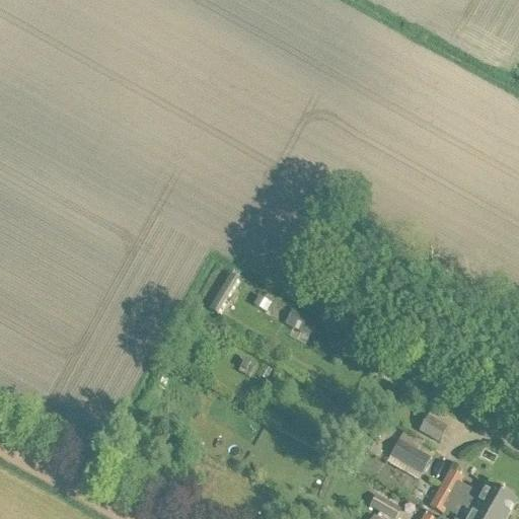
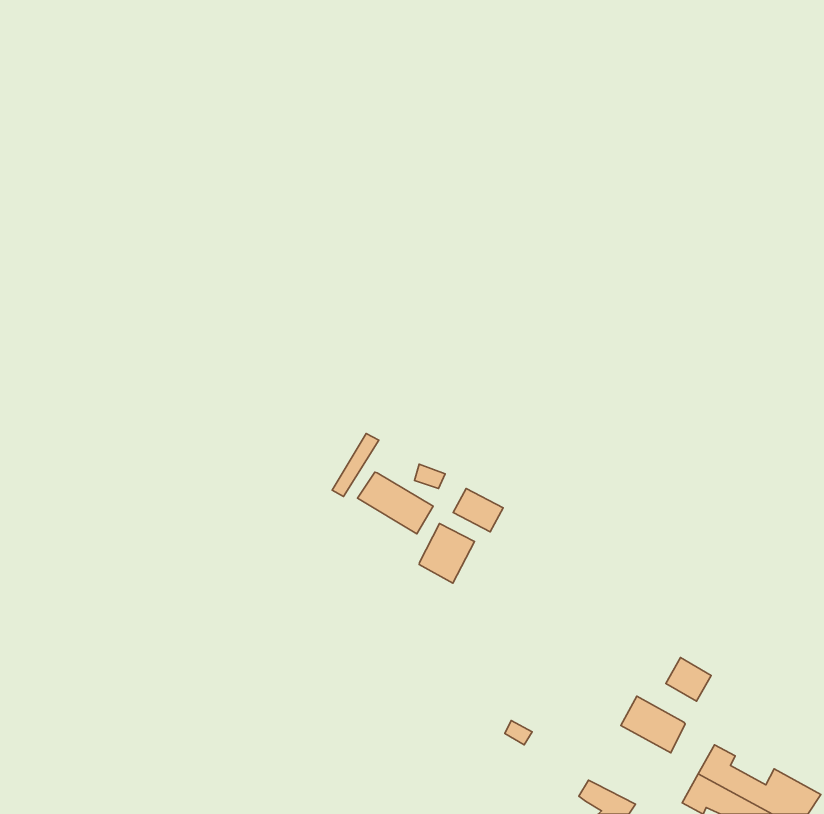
building: none -> [357,472,433,534]
building: none -> [419,523,475,583]

